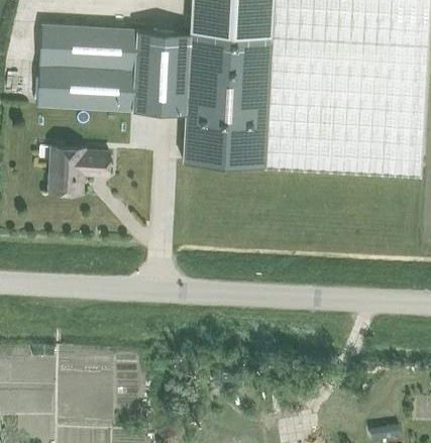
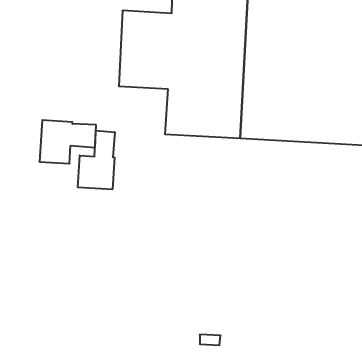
building: [36,24,137,110] -> none
building: none -> [78,130,115,189]

